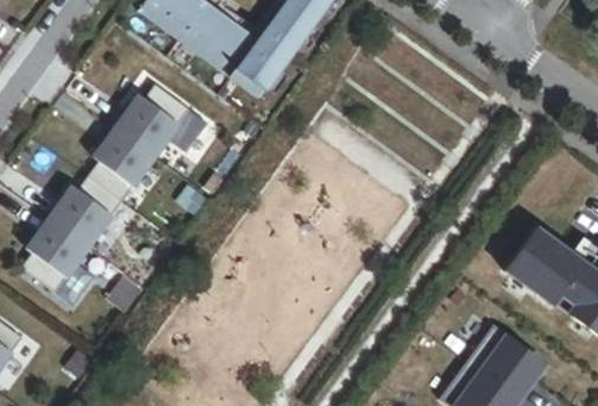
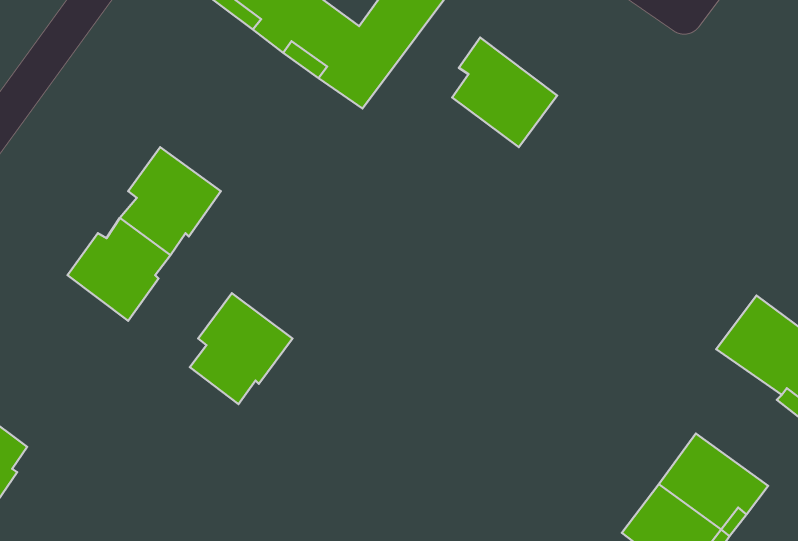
building: none -> [452,38,557,147]
building: [117,83,189,156] -> none
building: [21,216,94,294] -> [190,293,292,404]

